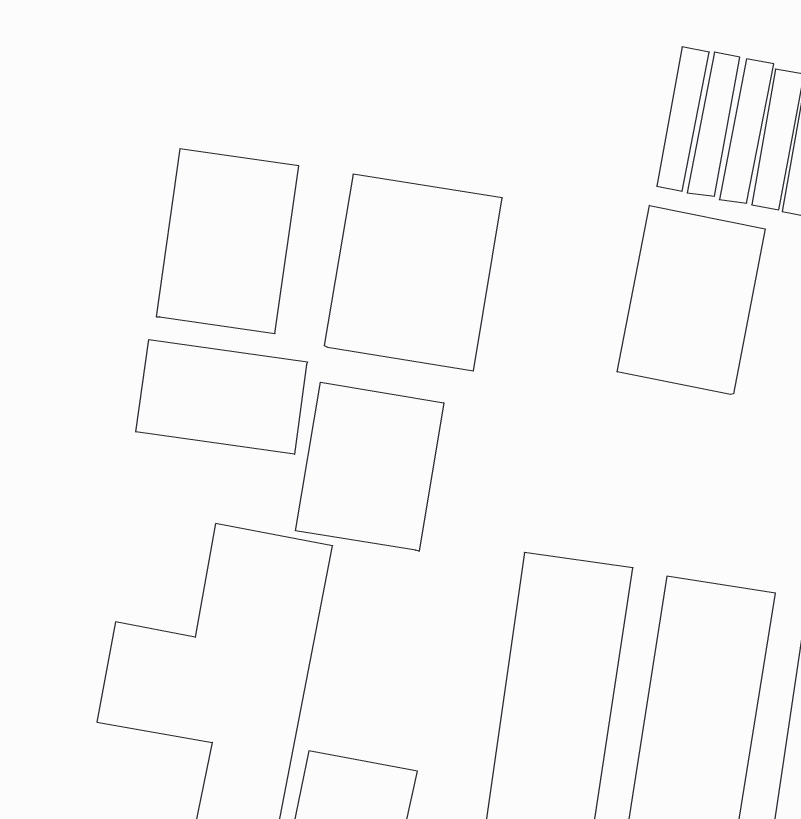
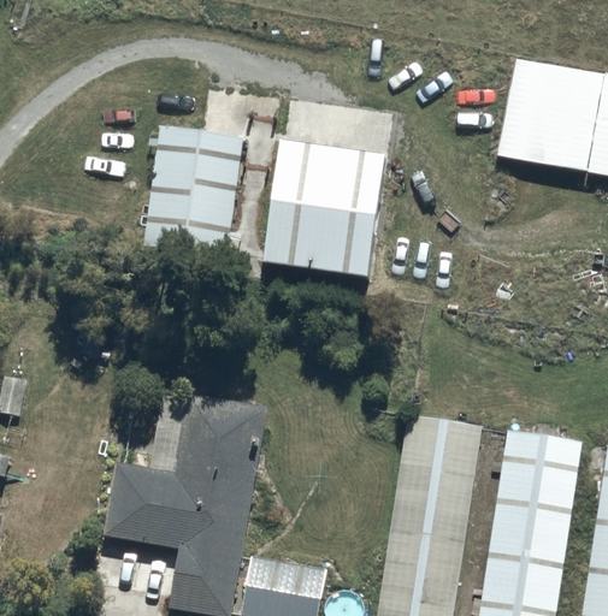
building: [617,205,765,394] -> none
building: [136,340,307,454] -> none
building: [296,382,444,551] -> none

